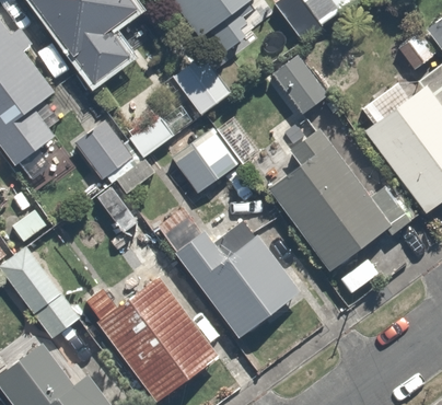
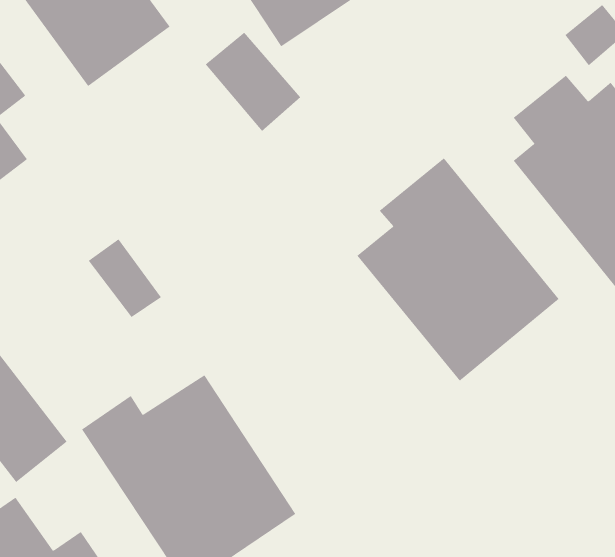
building: [266,53,327,117] -> none
building: [71,114,139,184] -> none
building: [168,126,241,197] -> none
building: [163,215,309,344] -> none

